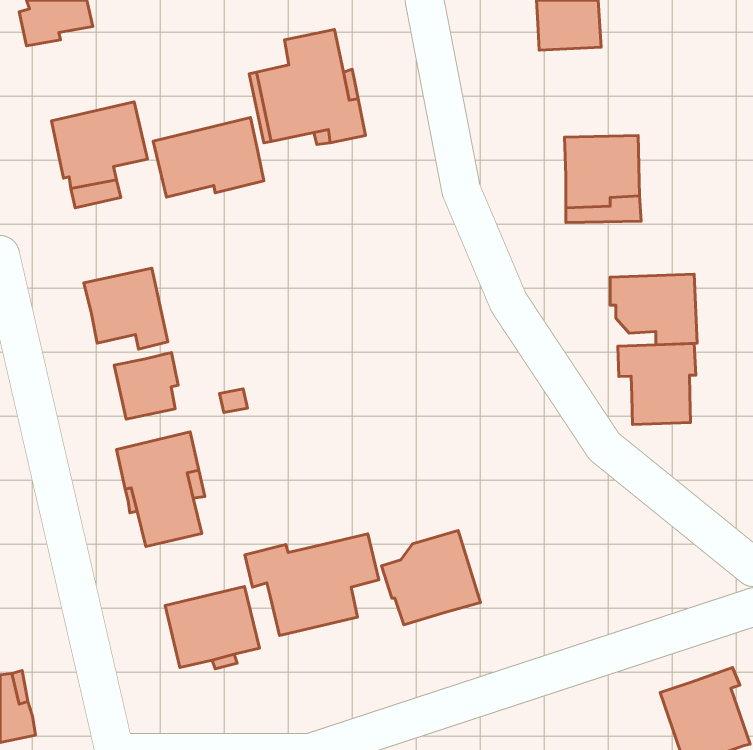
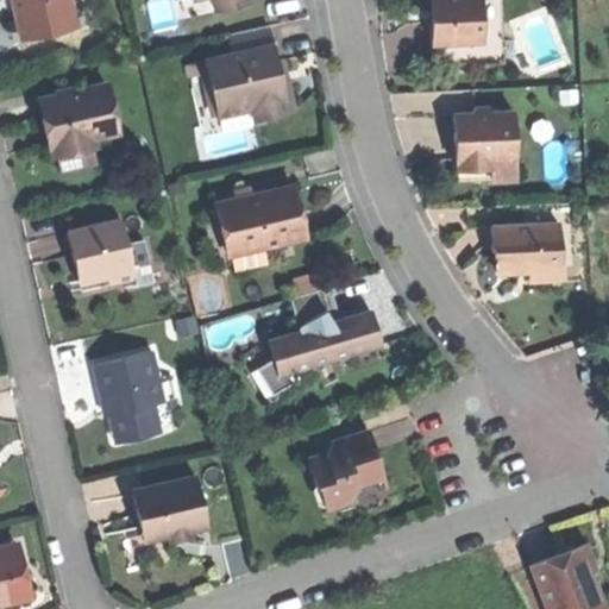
building: [153,118,264,197] -> [216,186,306,250]
building: [618,344,696,425] -> none
building: none -> [268,287,377,390]
building: [114,353,178,419] -> none
building: [245,534,379,636] -> none

